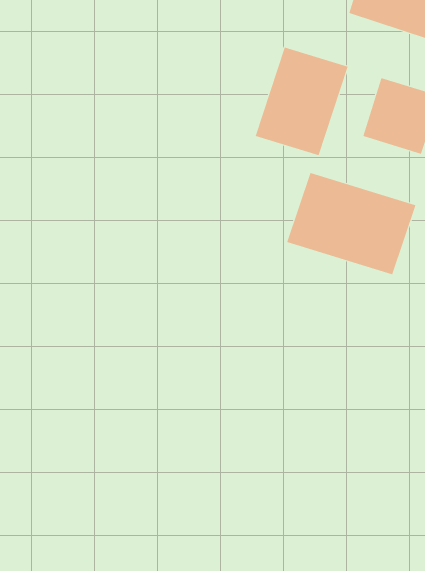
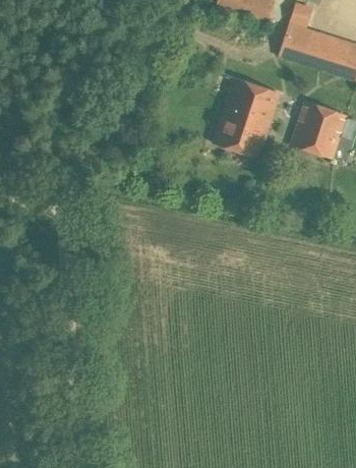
building: [286,172,416,275] -> none

